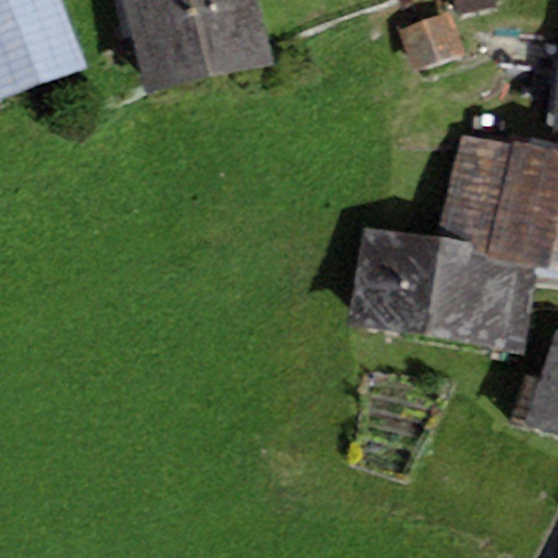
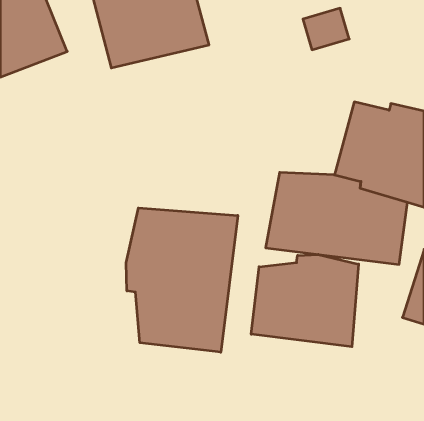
building: none -> [126,208,238,352]
building: none -> [251,254,359,347]

